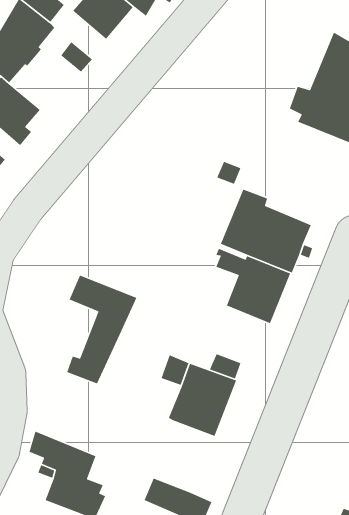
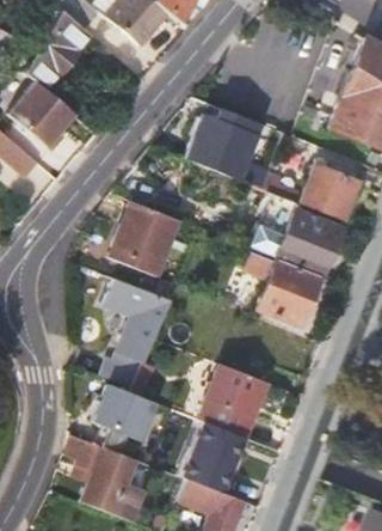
building: none -> [187,110,263,181]
building: none -> [301,165,362,222]
building: none -> [111,202,179,276]
building: none -> [94,385,158,443]
building: none -> [183,423,246,494]

